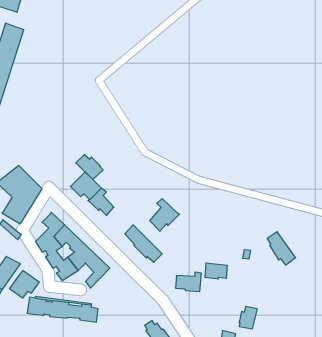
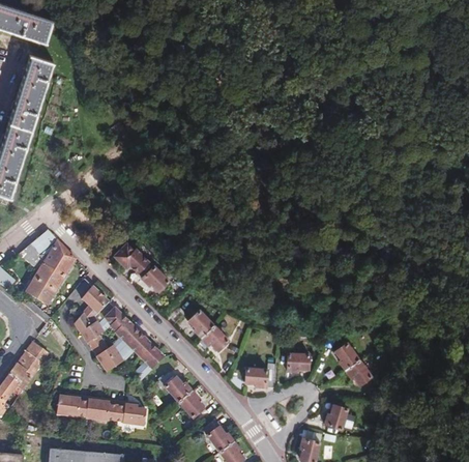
building: [76,154,103,179] -> none
building: [150,199,180,231] -> none
building: [267,232,296,265] -> [333,344,369,385]
building: [10,271,39,298] -> none
building: none -> [155,371,203,417]

